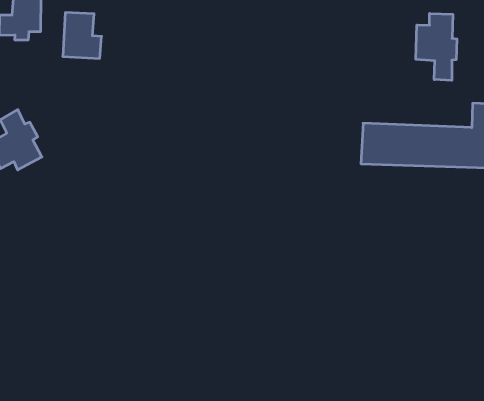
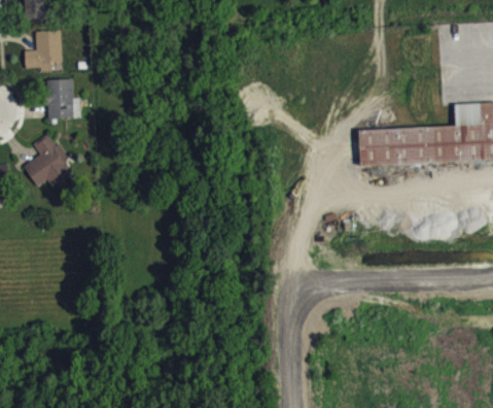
building: [63,13,102,58] -> [47,83,81,124]
building: [416,13,457,80] -> none

